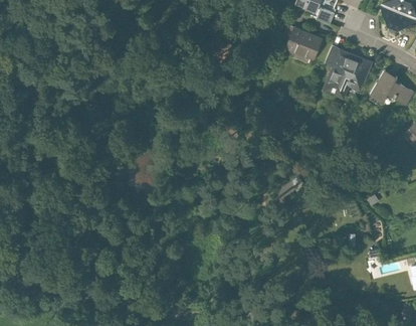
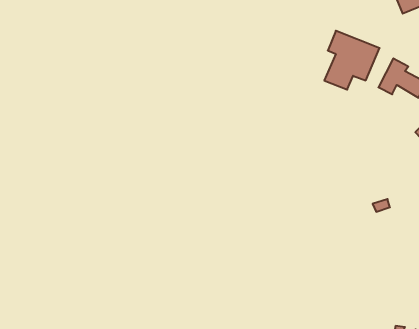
building: [283,27,322,59] -> none

